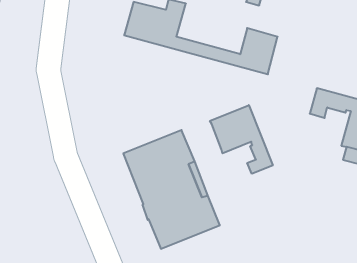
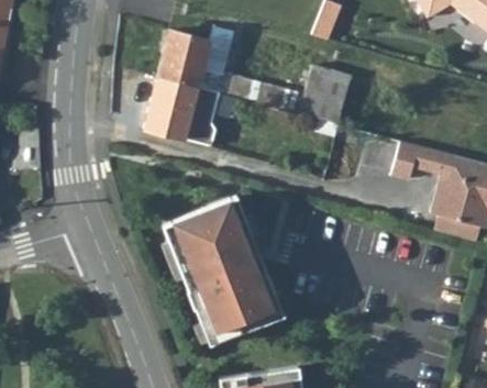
building: none -> [147,76,239,153]
building: [210,105,273,174] -> none

